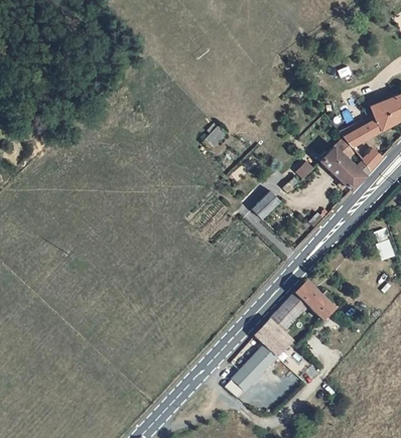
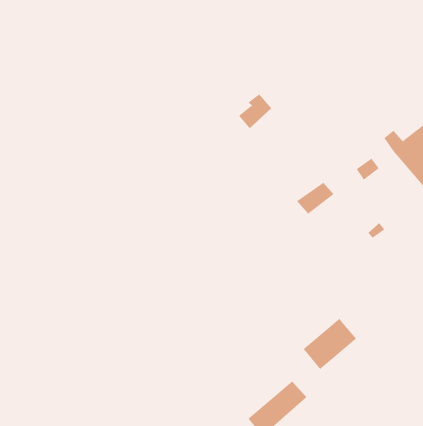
building: [297,282,343,319] -> none
building: [255,319,293,355] -> none

